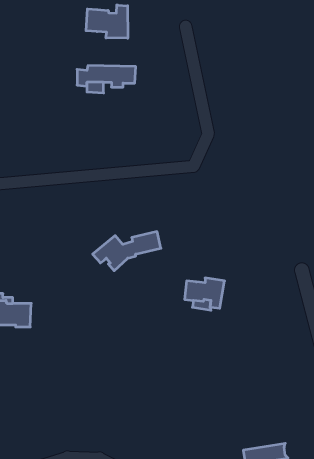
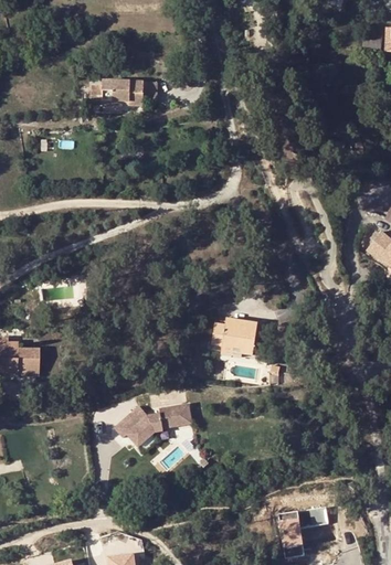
building: [86,5,128,38] -> none
building: [93,232,161,271] -> [113,399,190,444]

